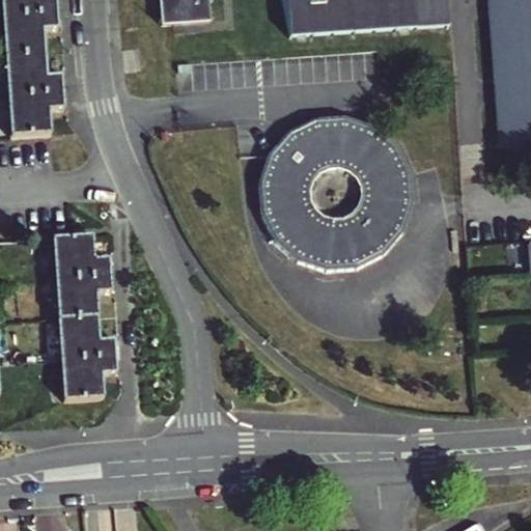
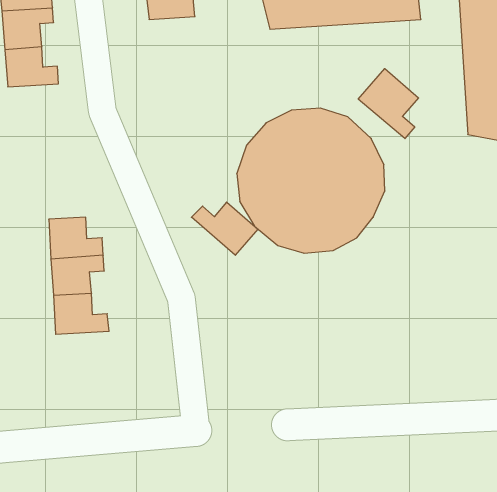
building: none -> [358,69,419,139]
building: [9,89,63,133] -> none
building: none -> [191,202,258,255]
building: [60,353,117,397] -> none

